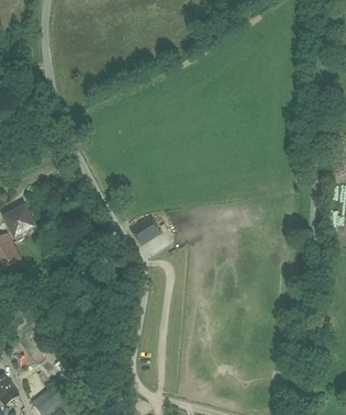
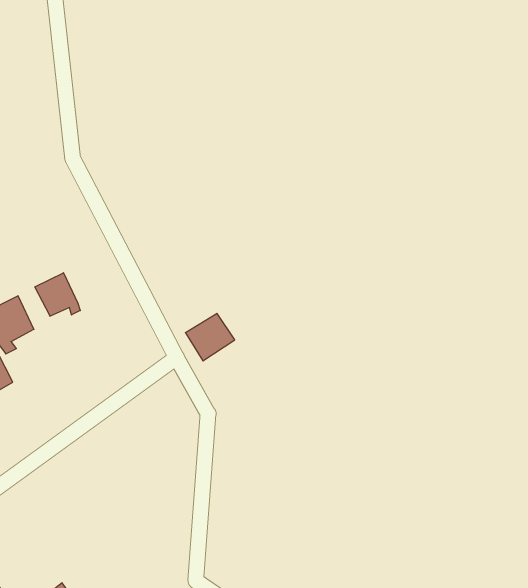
building: none -> [35,273,80,316]

